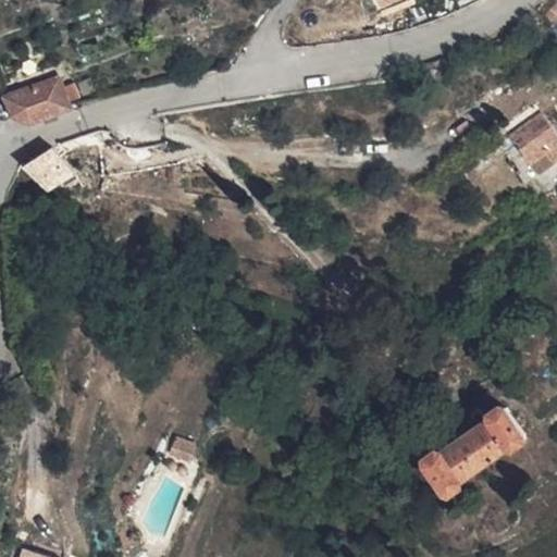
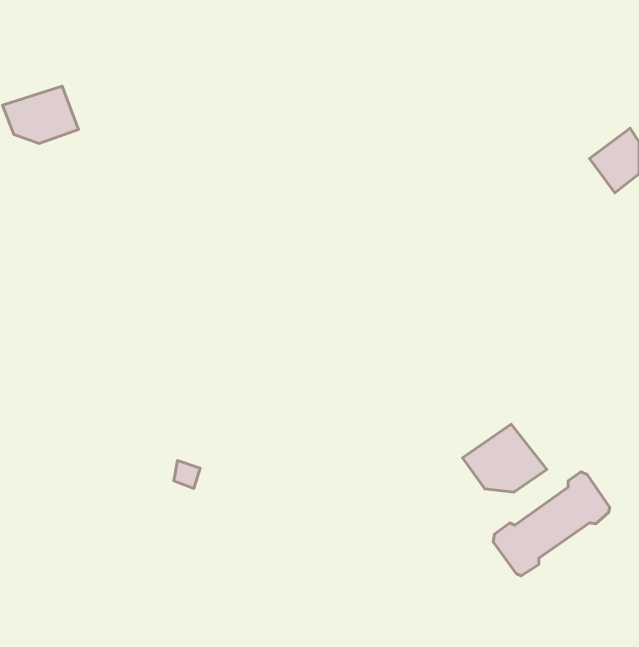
building: [22,149,81,195] -> none
building: none -> [463,424,547,492]

